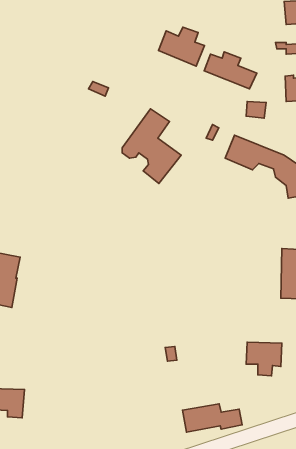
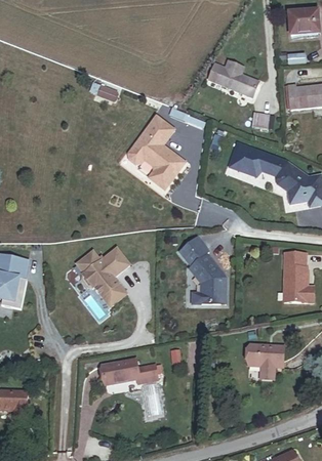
building: [158,27,204,66] -> none
building: none -> [179,236,226,303]
building: none -> [77,247,129,305]
building: [182,404,242,432] -> [99,359,158,386]

